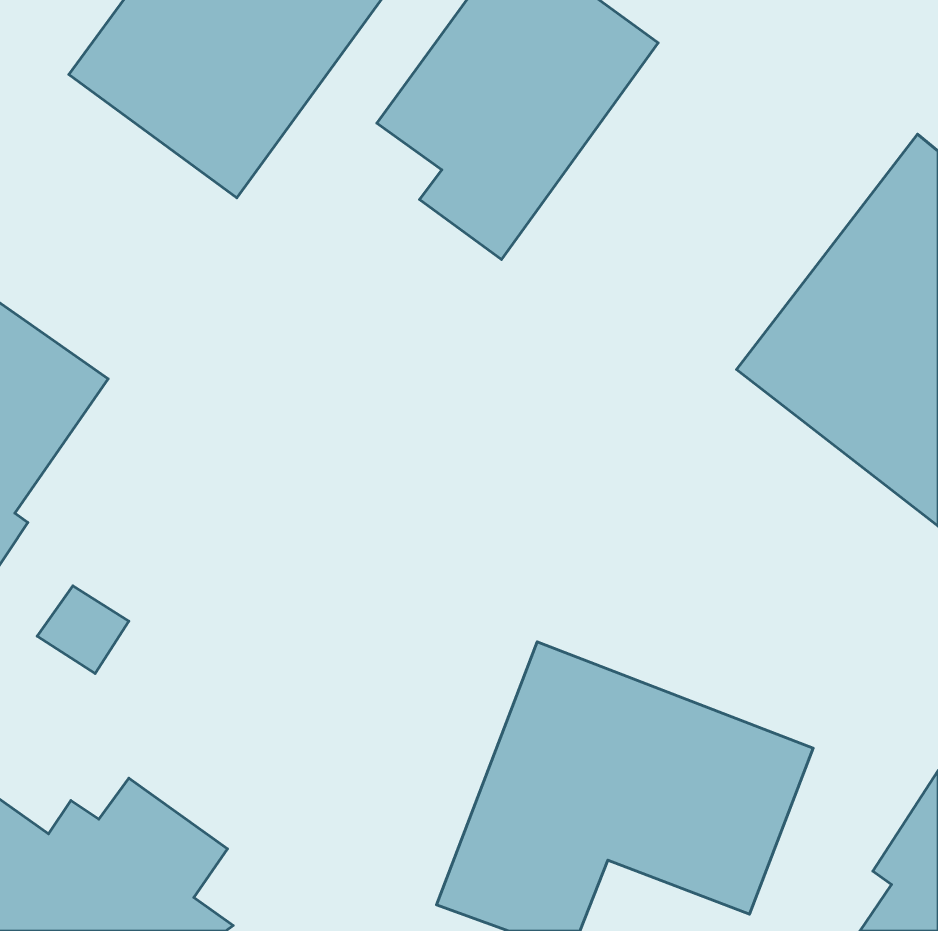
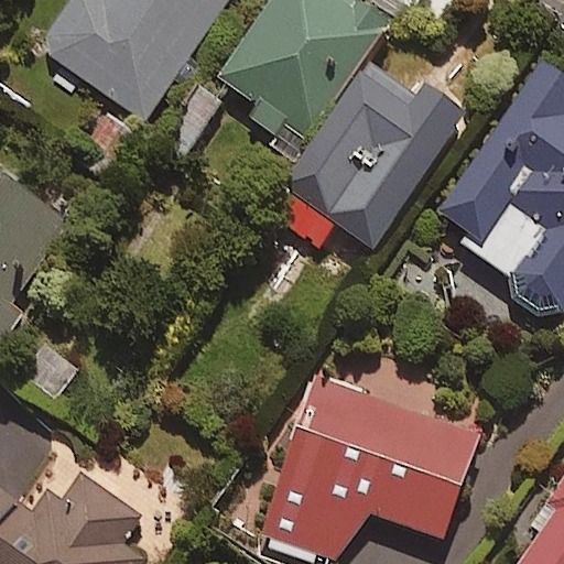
building: none -> [285,67,463,249]

